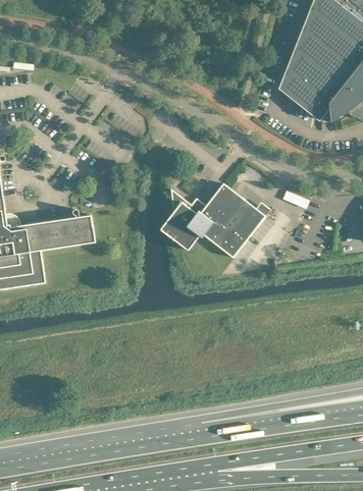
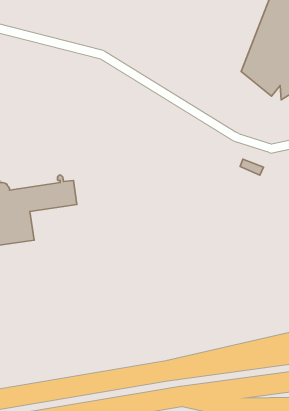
building: [158,182,263,257] -> none

